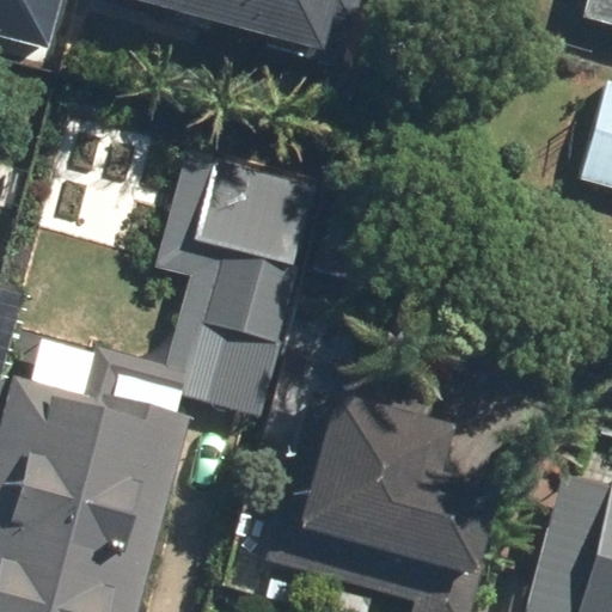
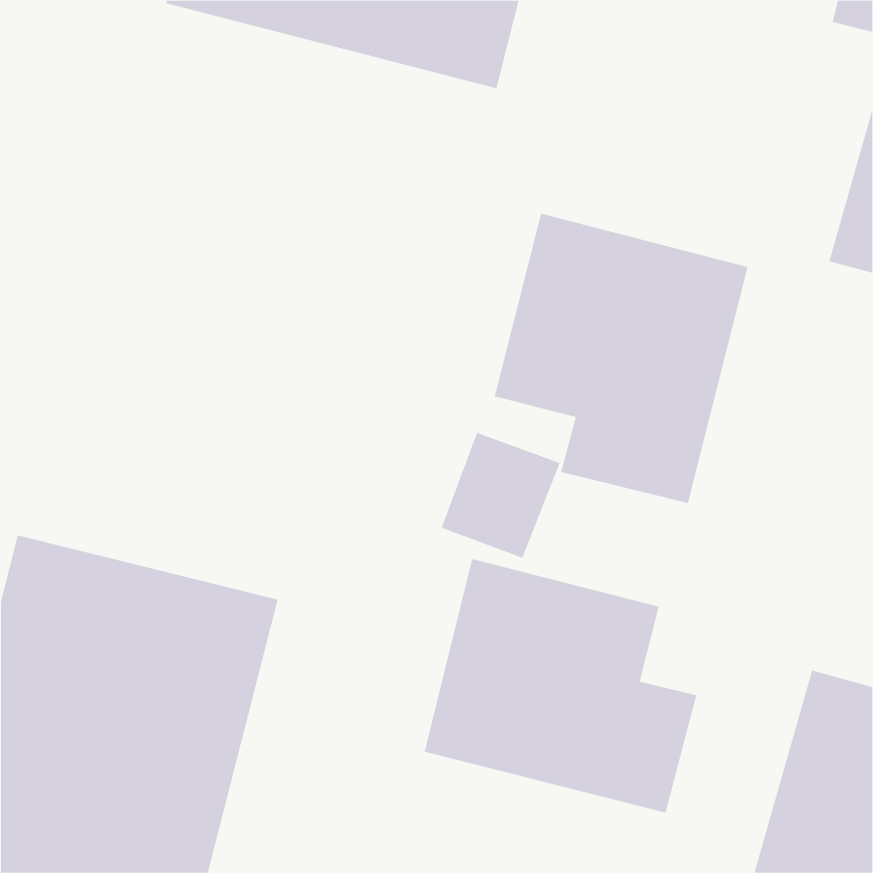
building: none -> [494,213,748,504]
building: [160,154,306,412] -> none

